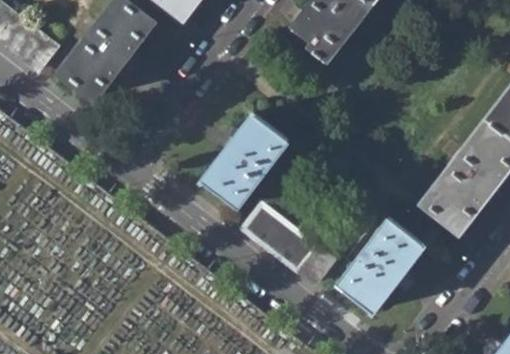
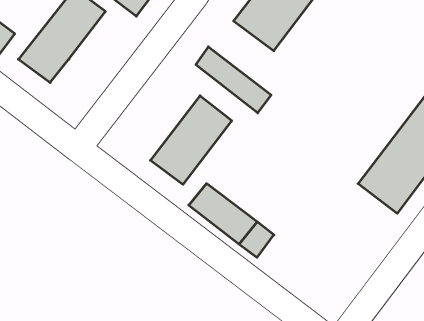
building: none -> [196,47,271,113]
building: [335,217,422,311] -> none

